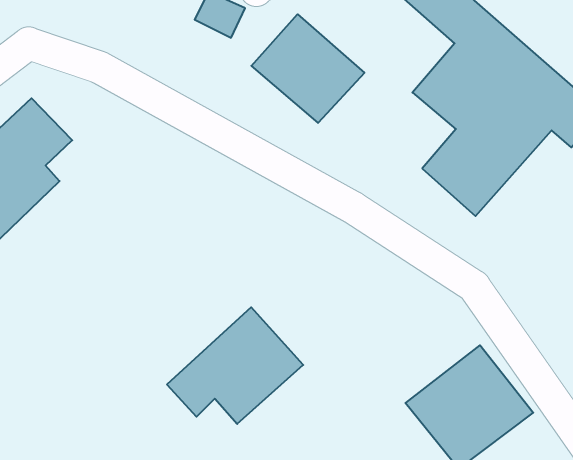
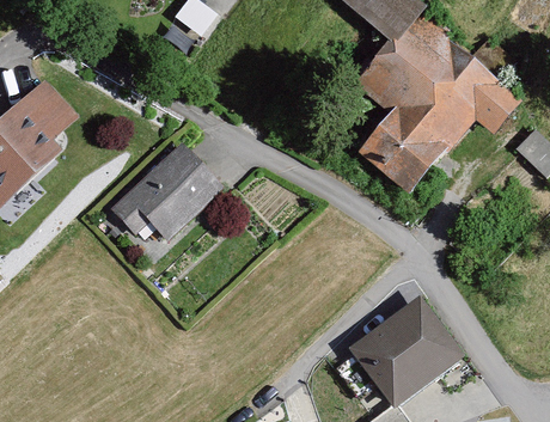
building: [251,14,364,123] -> none
building: [167,307,303,424] -> [106,142,222,241]

